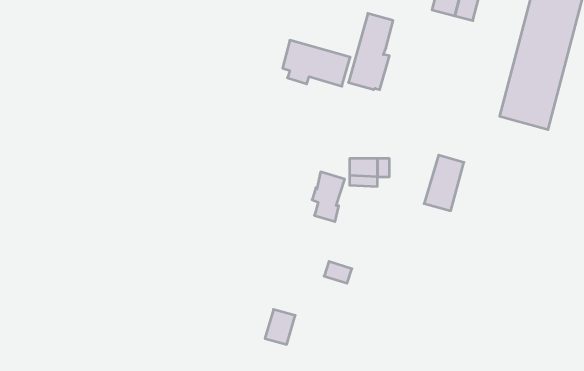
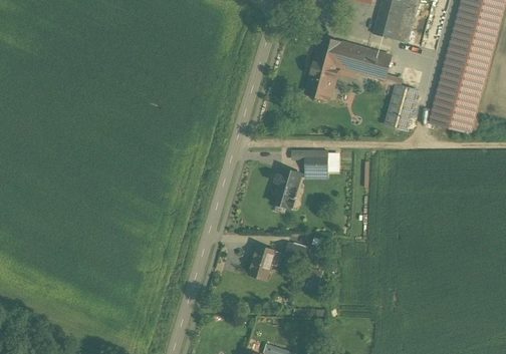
building: [283,40,350,86] -> [335,41,392,79]
building: [424,155,464,211] -> [385,83,418,129]
building: [265,309,295,344] -> [250,244,275,273]

